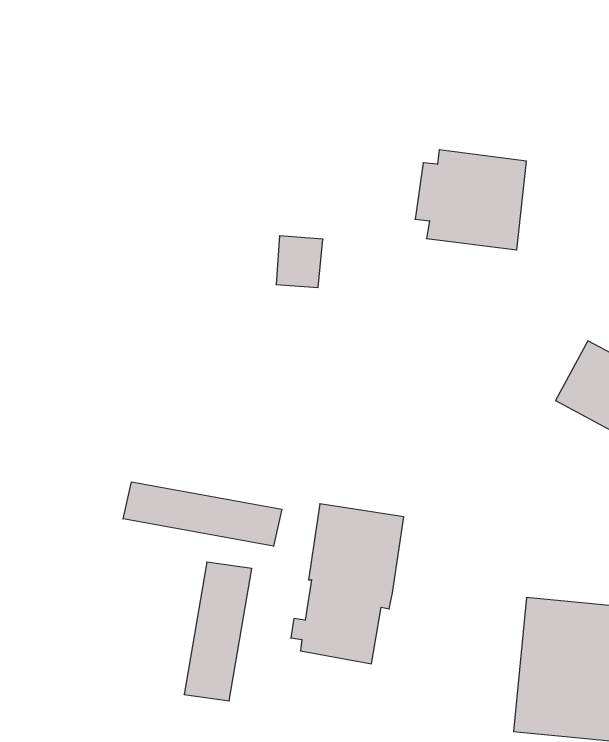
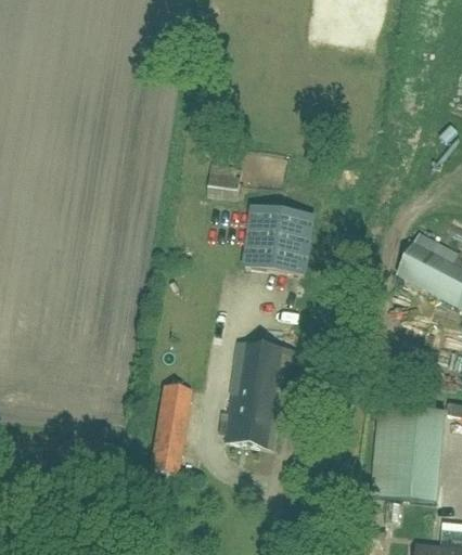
building: [415,150,526,250] -> [236,204,311,271]
building: [123,482,282,546] -> none

